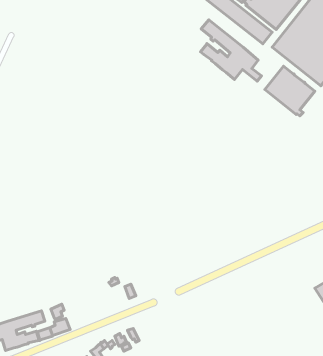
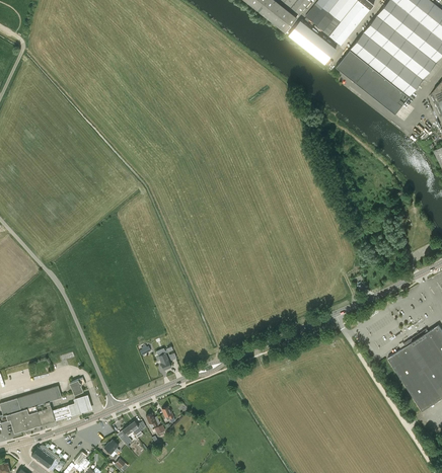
building: [201,20,261,81] -> none
building: [265,66,315,116] -> none

